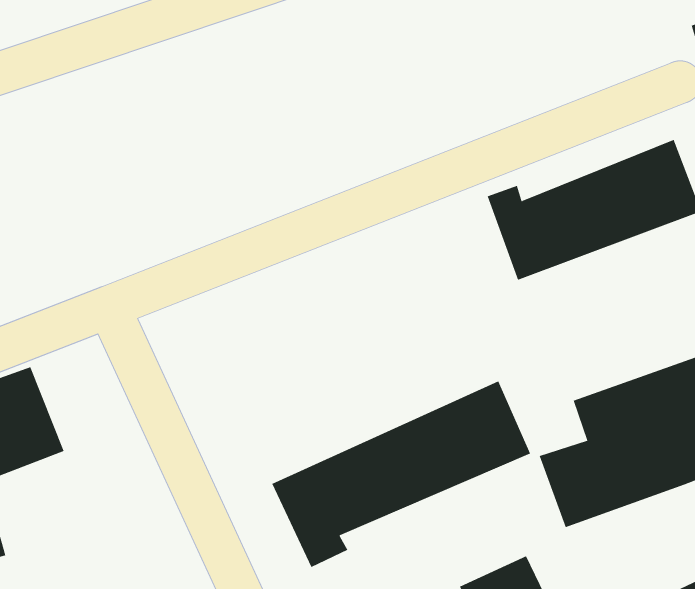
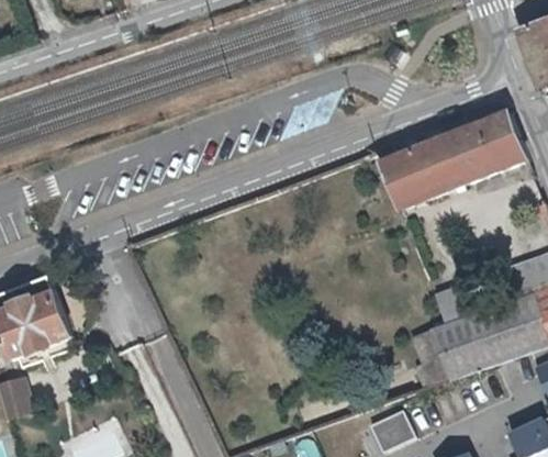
building: [272,380,531,568] -> none

